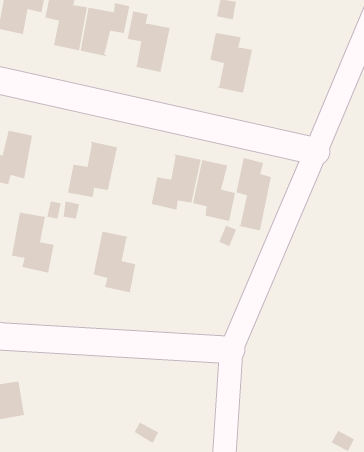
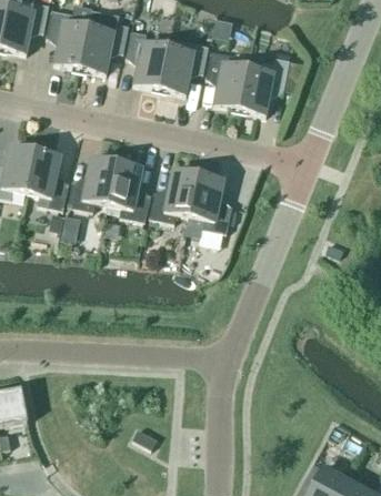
building: none -> [159,42,209,93]
building: none -> [239,55,304,114]
building: [236,157,272,231] -> none
building: [11,212,55,273] -> [27,150,69,209]
building: [93,231,136,293] -> [108,161,150,221]

